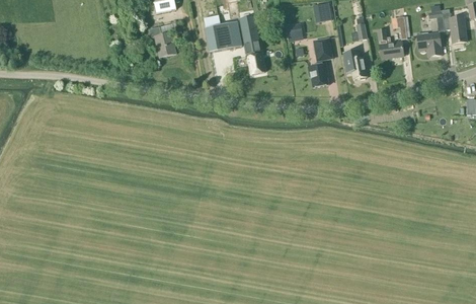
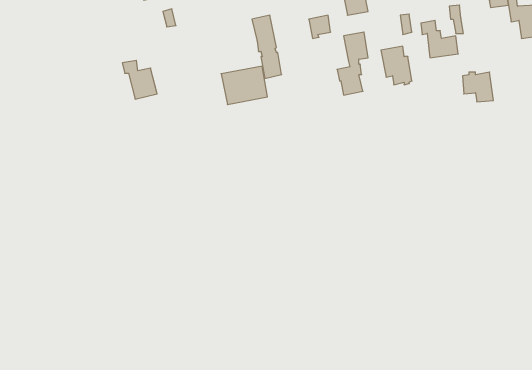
building: [205,21,241,52] -> [221,66,267,105]
building: [149,26,176,57] -> [122,60,157,99]
building: [417,32,442,56] -> [463,72,493,102]

